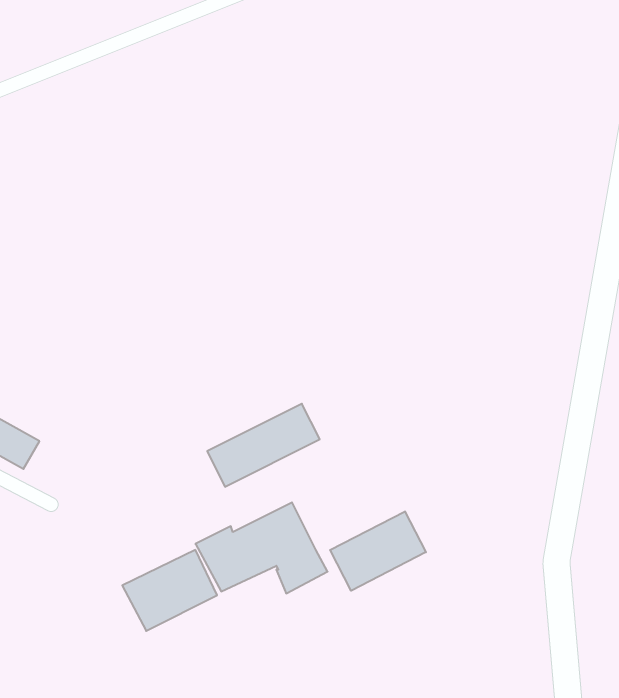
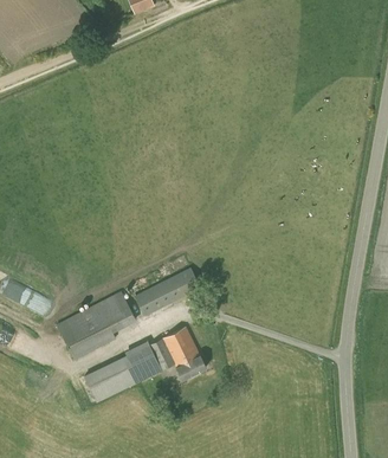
building: none -> [56,291,136,361]
building: [330,511,426,591] -> none

